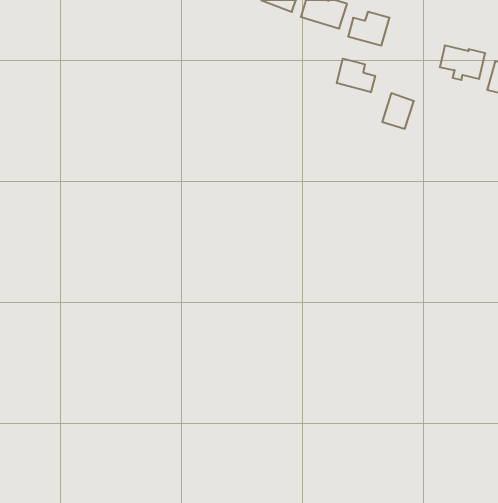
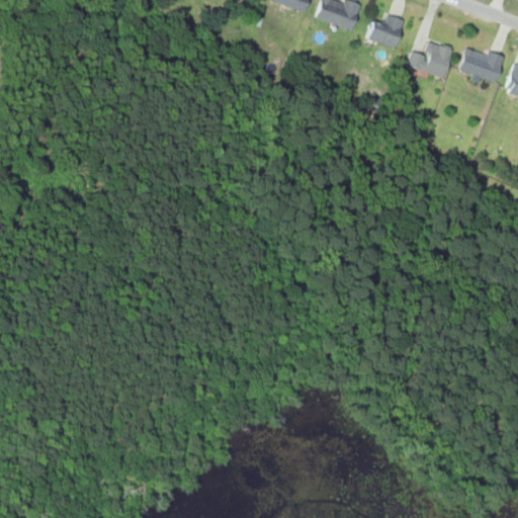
building: [337,59,375,92] -> none
building: [382,93,414,129] -> [420,41,452,78]

